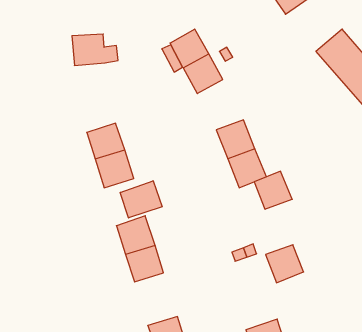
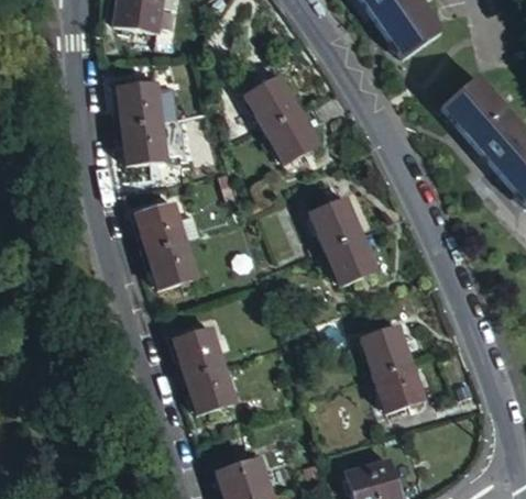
building: none -> [119,121,163,163]
building: [254,171,292,209] -> [360,325,410,376]
building: [120,181,162,218] -> none

